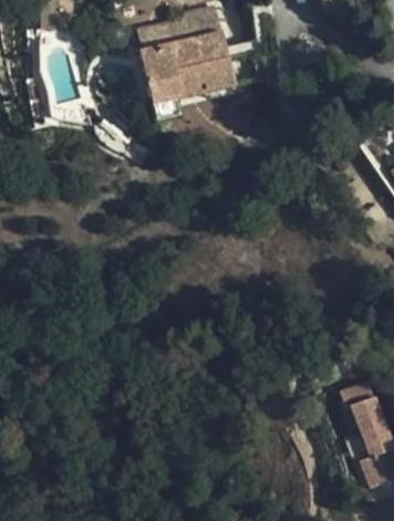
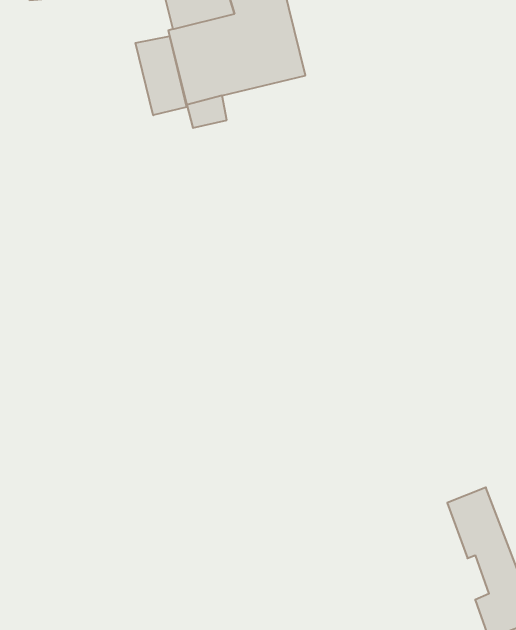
building: none -> [135,36,187,115]

